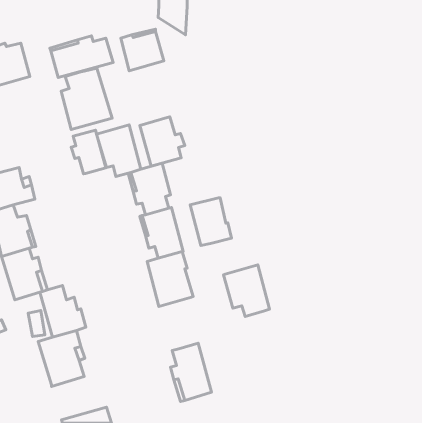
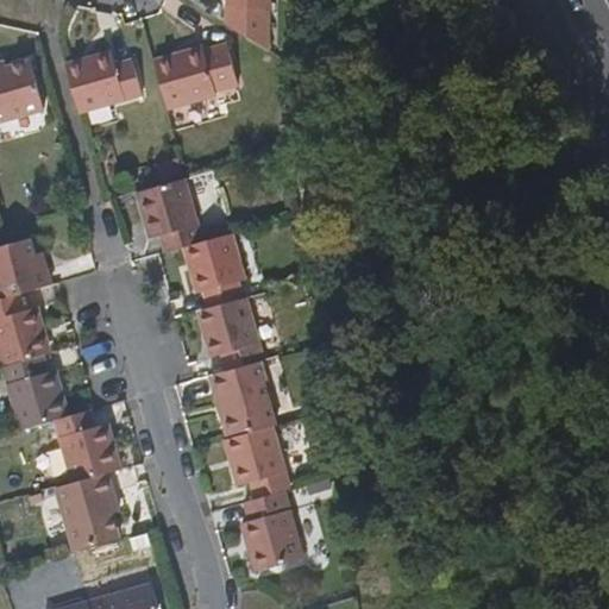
building: [61,68,112,130] -> none
building: [140,117,185,166] -> none
building: [71,130,106,174] -> none
building: [190,198,231,245] -> none
building: [224,265,269,317] -> [225,425,290,498]

